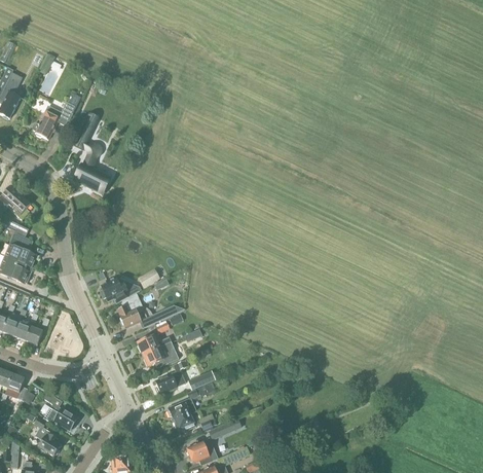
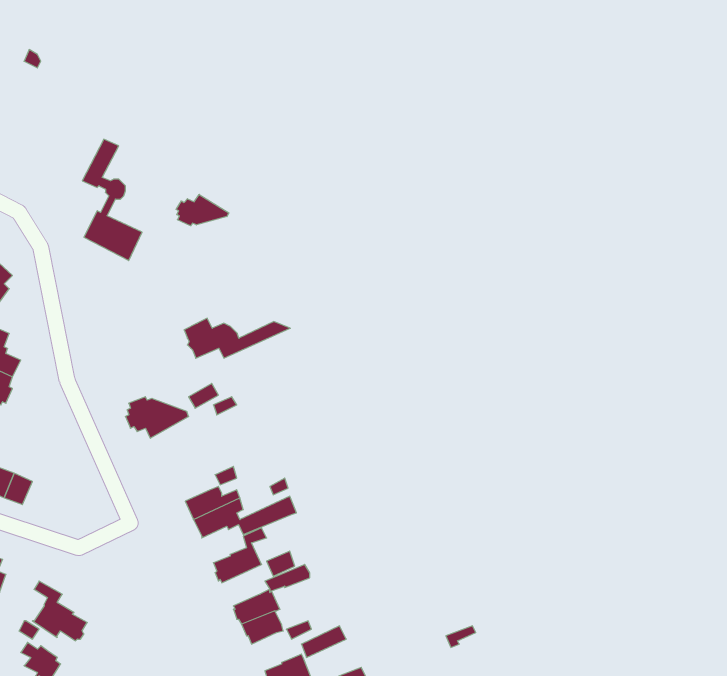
building: [32,102,75,139] -> none
building: none -> [176,194,229,226]
building: [118,302,184,327] -> [184,318,290,358]

